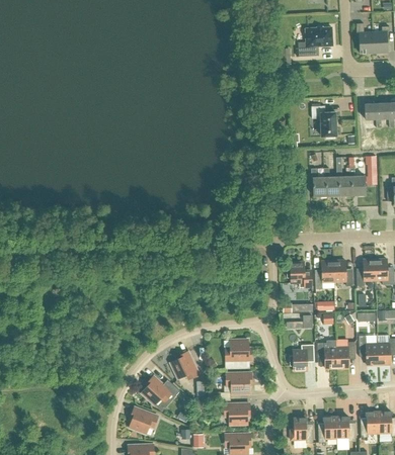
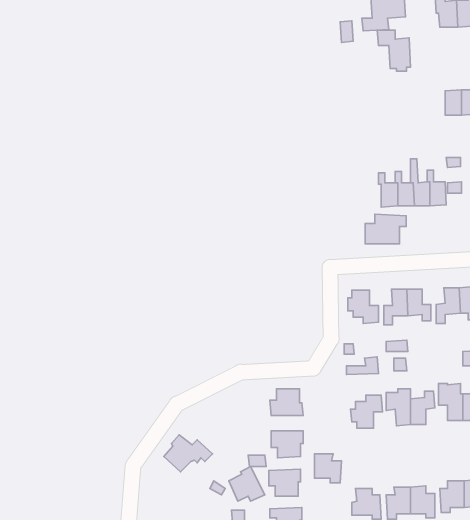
building: [311,105,337,138] -> [377,30,410,71]
building: none -> [365,214,406,244]
building: [170,351,199,378] -> [229,467,265,501]
building: none -> [314,454,342,483]
building: [129,406,158,433] -> none

